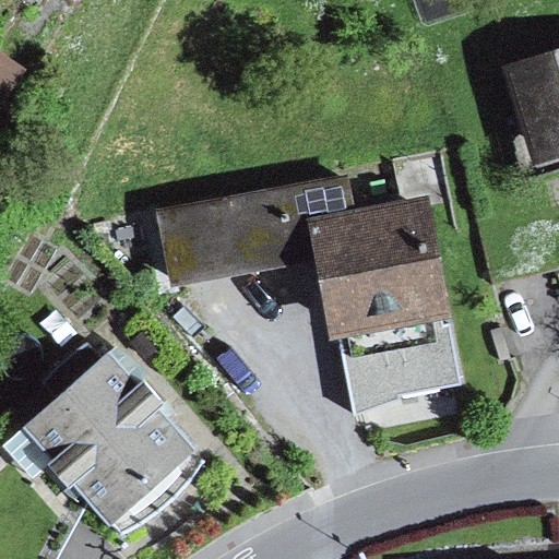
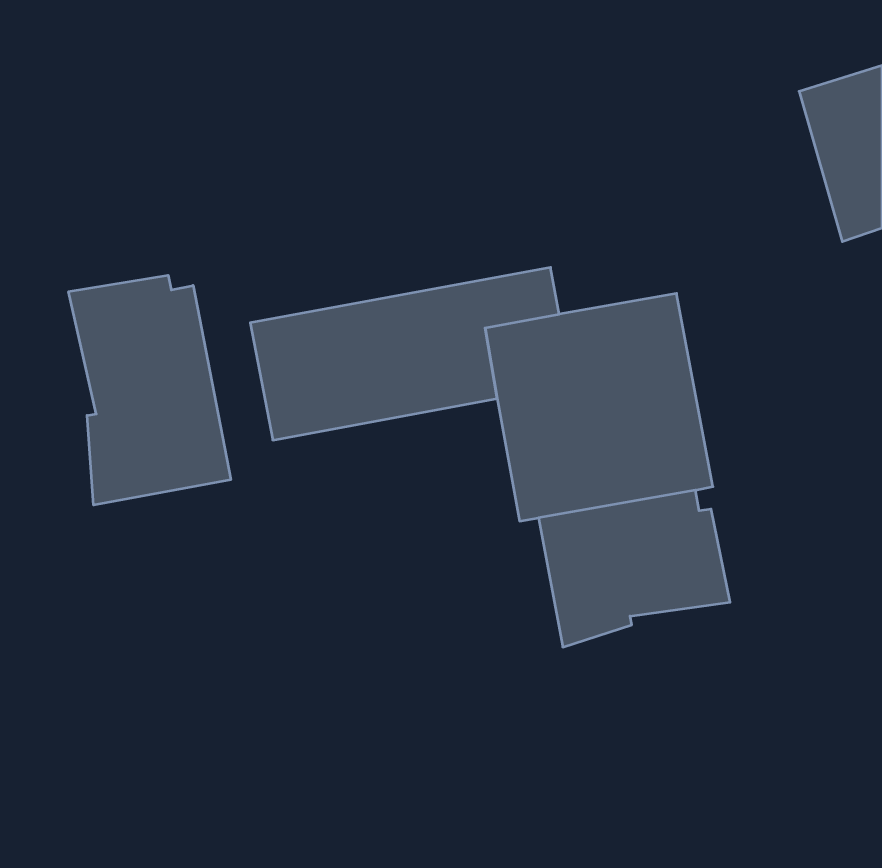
building: none -> [69,275,231,505]
building: [21,348,203,538] -> none

